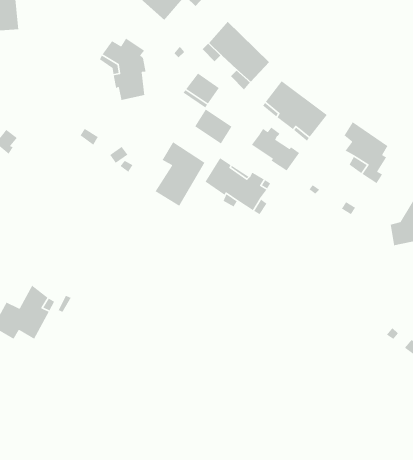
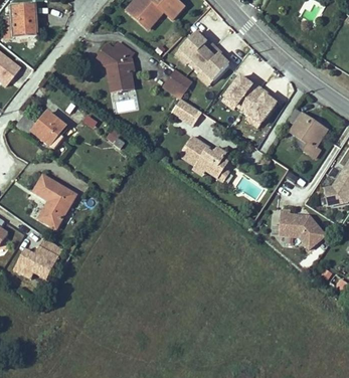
building: none -> [32,111,65,149]
building: [251,126,300,171] -> none
building: [154,141,206,207] -> none
building: none -> [33,174,77,228]
building: none -> [280,209,326,248]

